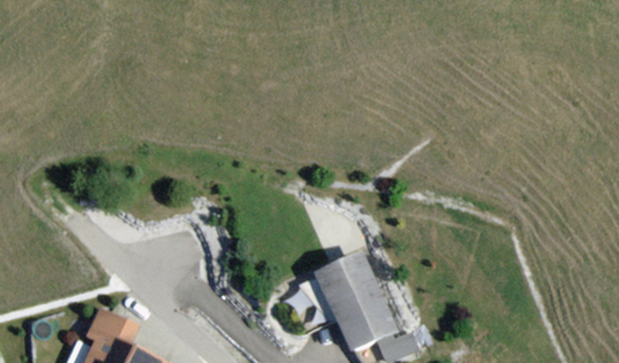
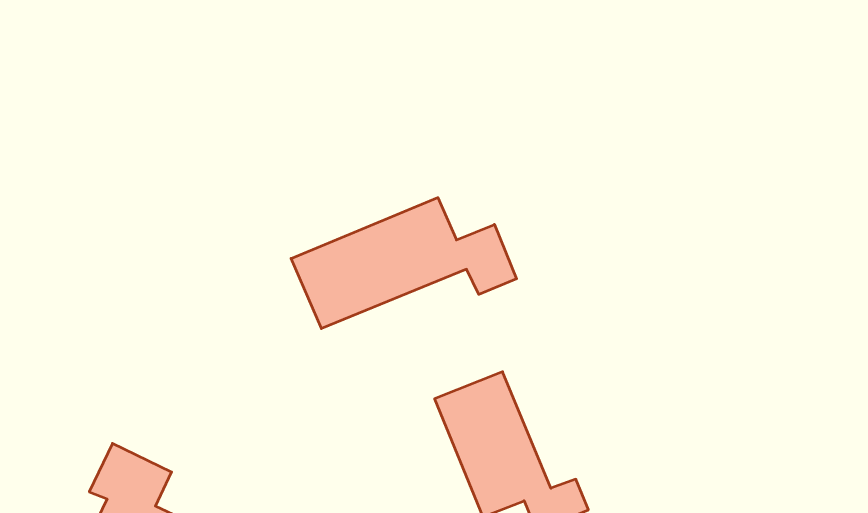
building: none -> [291,198,517,329]

